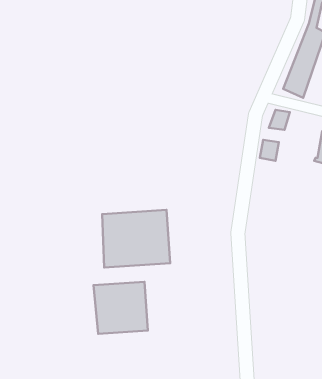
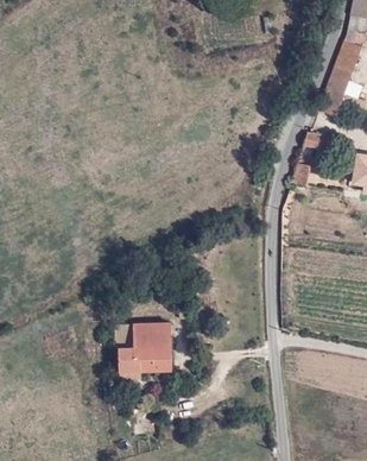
building: [102,210,170,268] -> none

